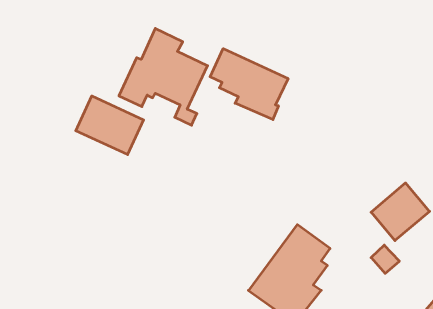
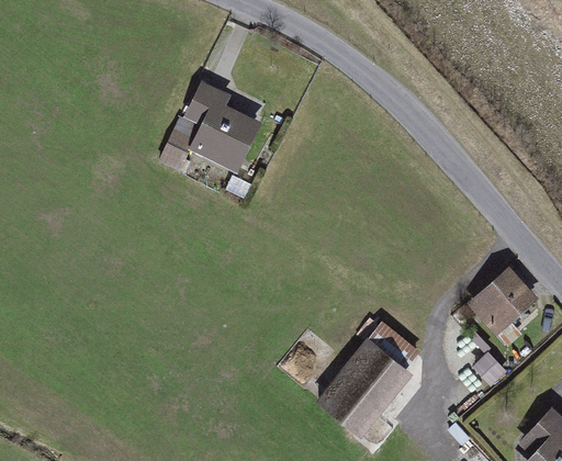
building: [210,49,288,120] -> none
building: [76,96,144,155] -> none

